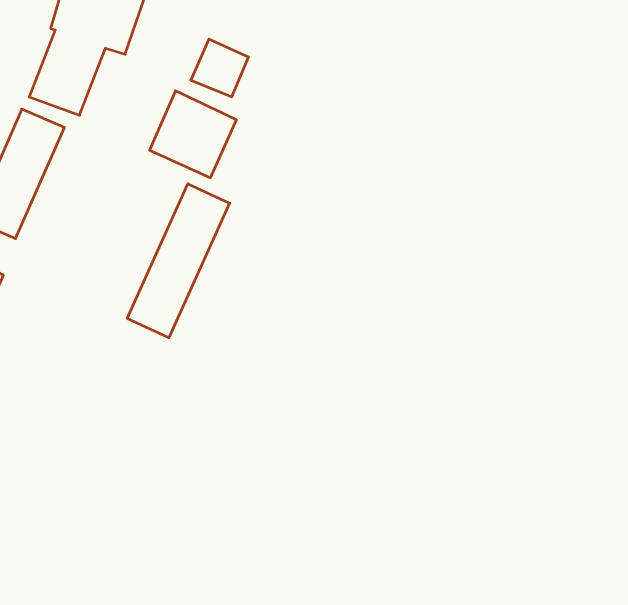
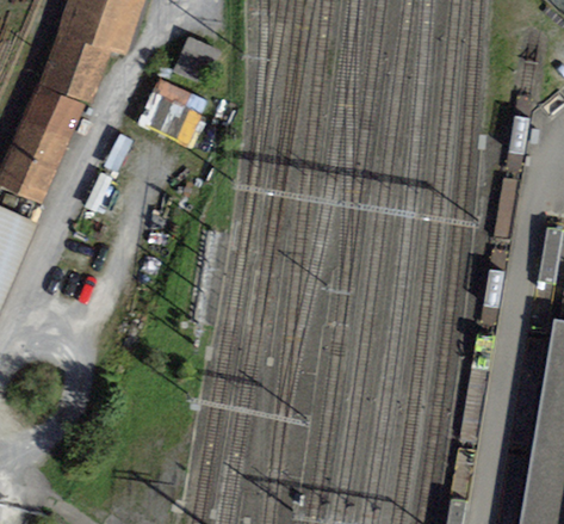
building: [127,184,230,338] -> none

